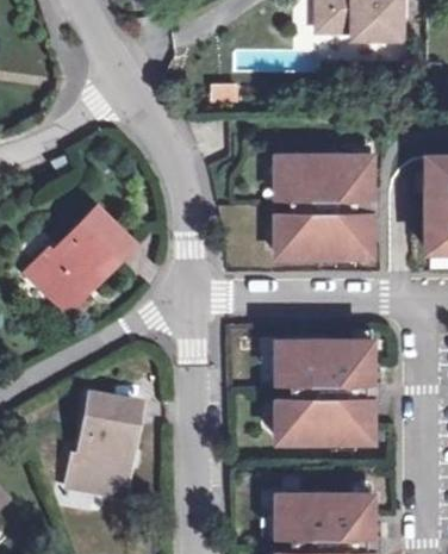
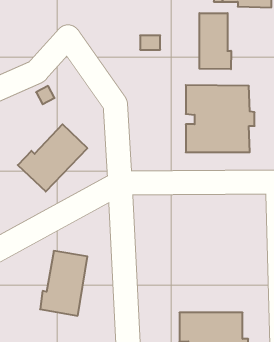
building: none -> [199,13,231,69]
building: [274,341,377,441] -> none

